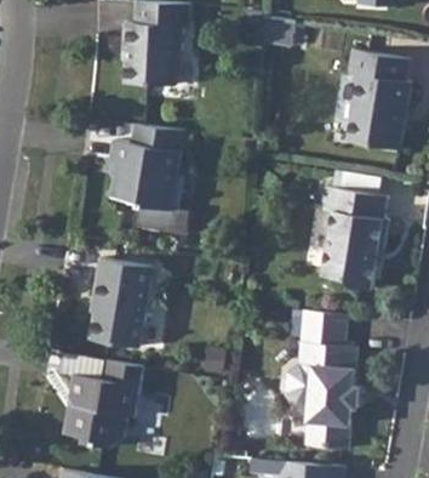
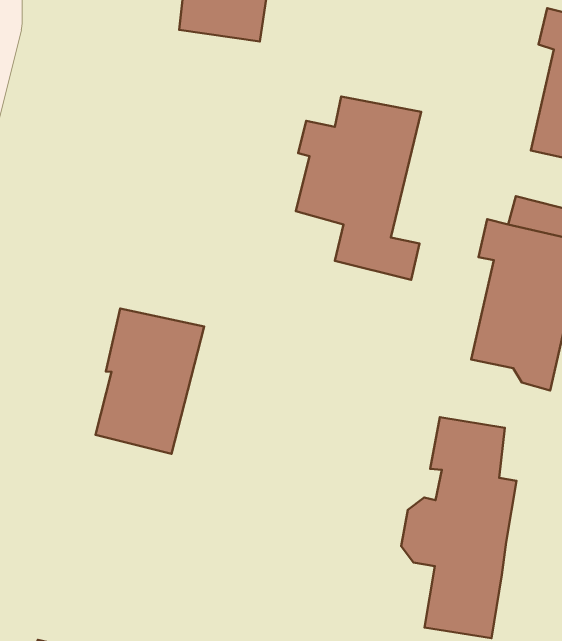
building: [110,123,190,234] -> [296,96,421,280]
building: [63,359,142,449] -> none

